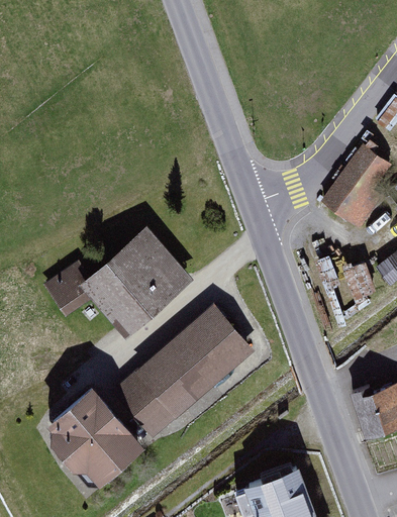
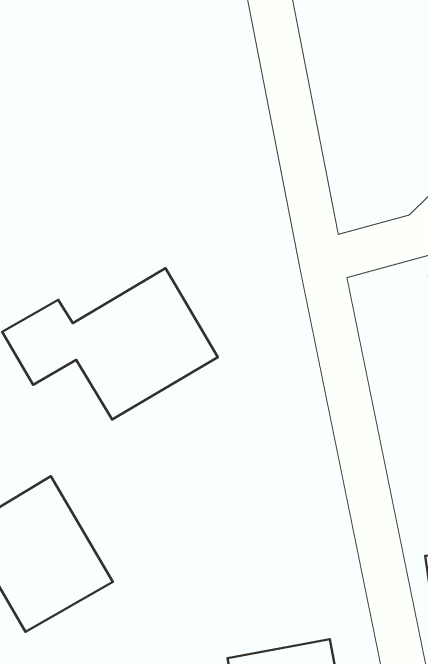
building: [112,305,254,439] -> none

